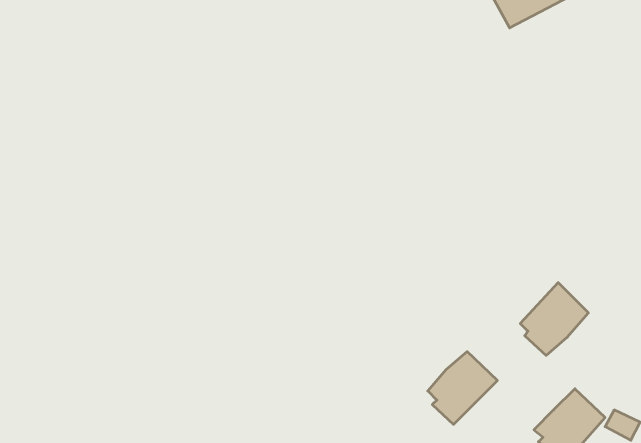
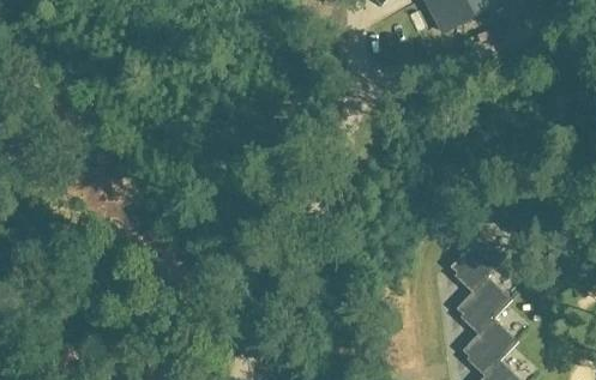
building: [428,352,497,424] -> [457,276,512,333]

